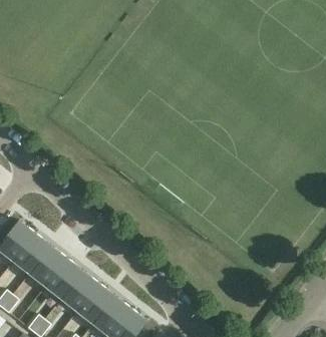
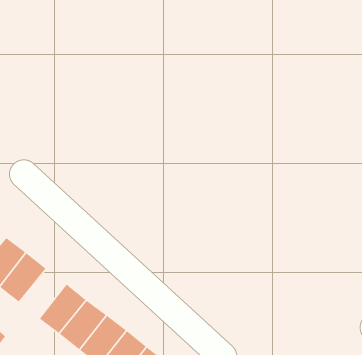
building: [28,246,66,286] -> none

